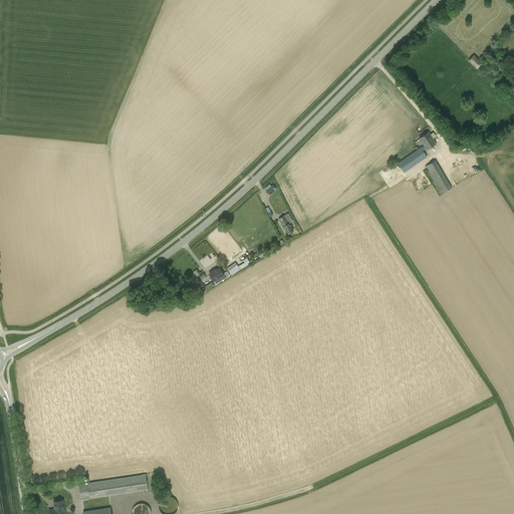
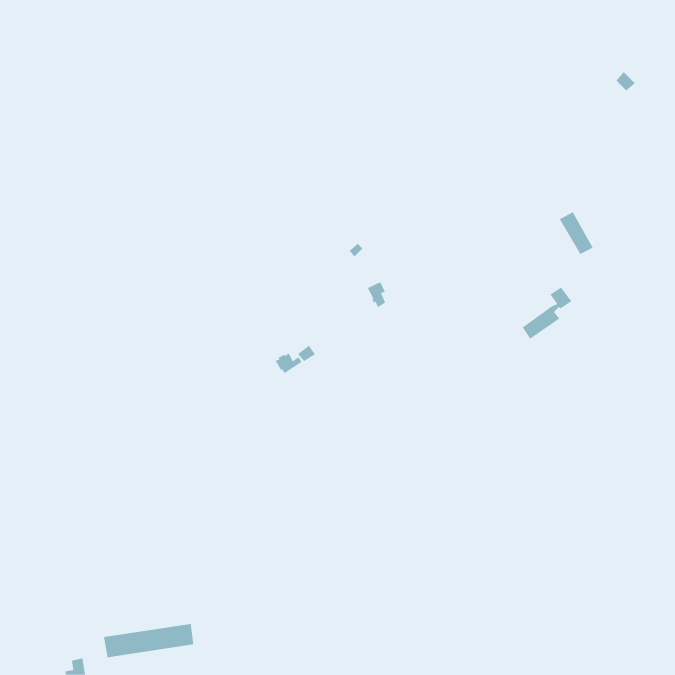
building: [398,133,436,173] -> [522,287,572,340]

